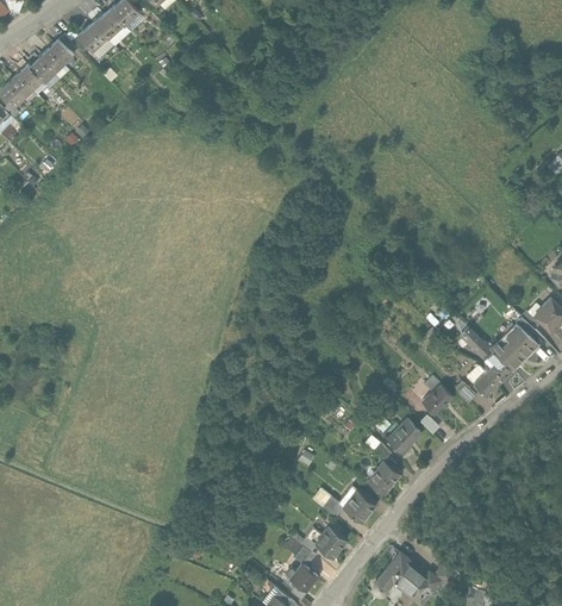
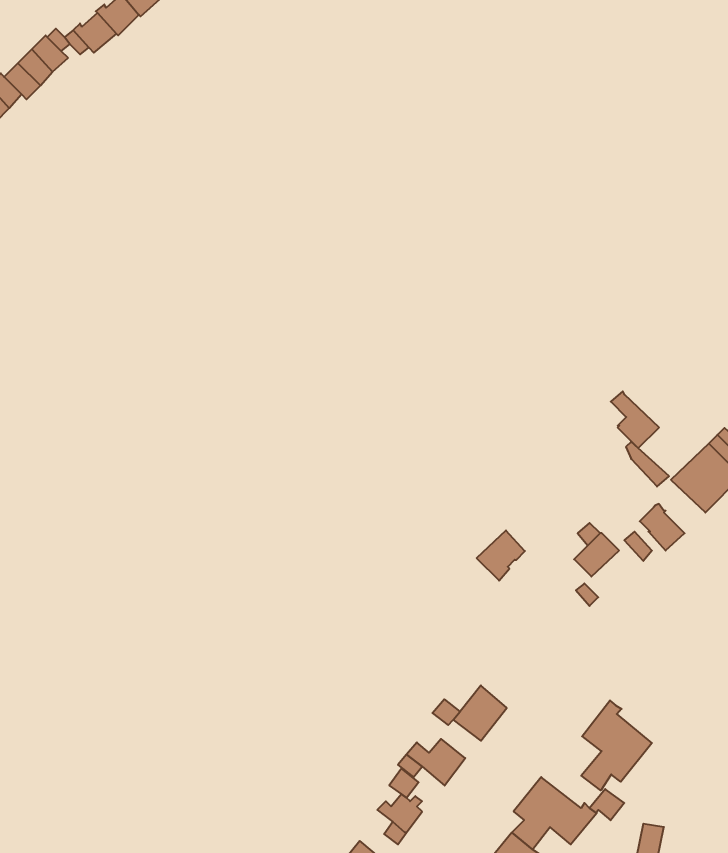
building: [479,345,512,385] -> [611,391,659,448]
building: [387,419,420,454] -> [477,530,525,581]
building: [368,461,399,493] -> none
building: none -> [581,700,652,790]

